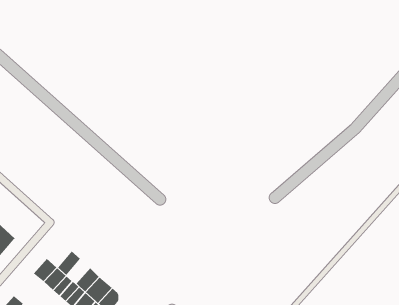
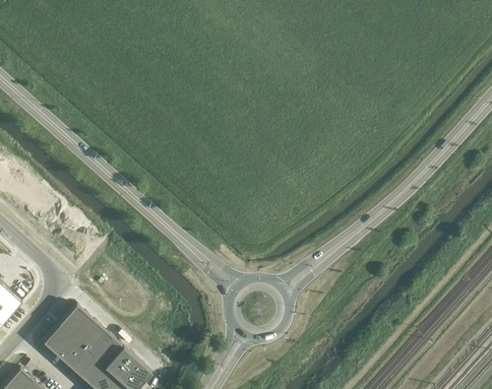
building: none -> [60,307,89,337]
building: none -> [83,327,112,356]

